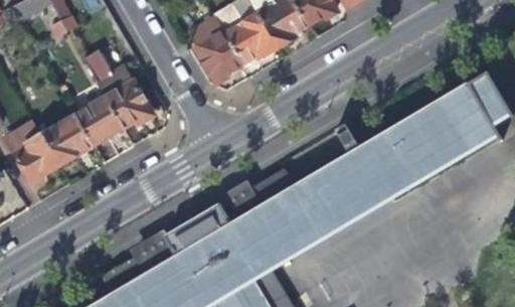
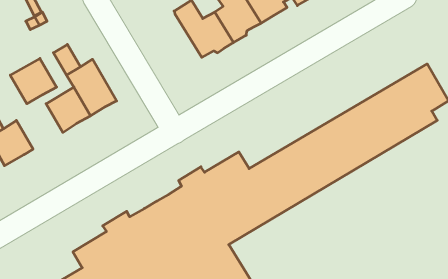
building: [187,17,243,82] -> none
building: [42,115,93,164] -> [10,58,57,104]

